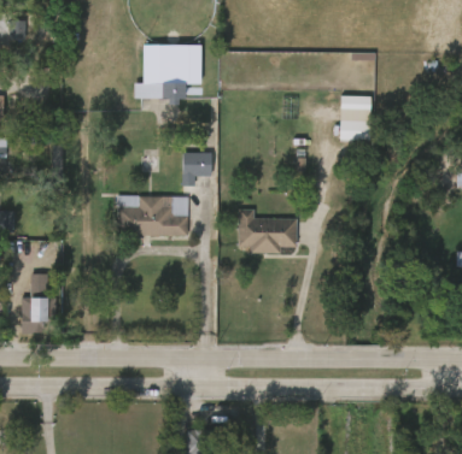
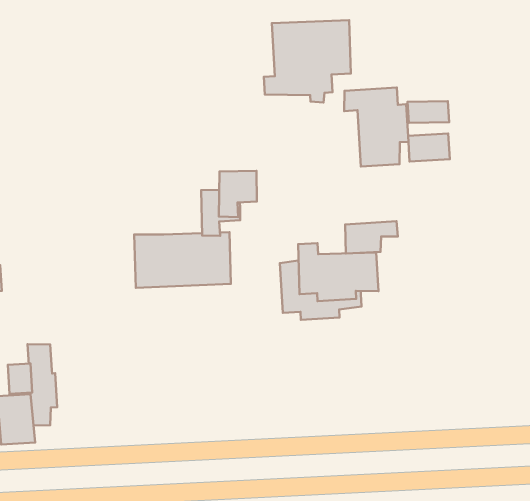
building: [141,39,207,100] -> [264,20,351,102]
building: none -> [344,88,408,167]
building: none -> [345,221,398,253]

